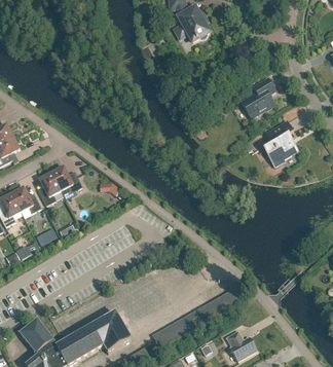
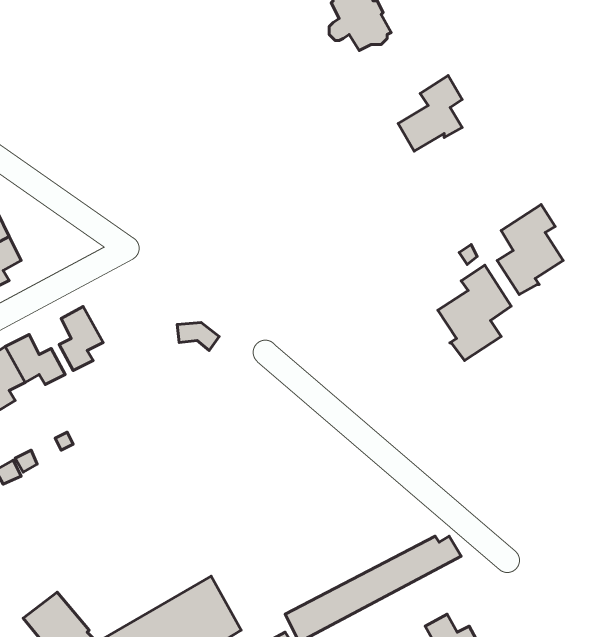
building: [242,77,274,116] -> [398,75,462,151]
building: none -> [438,265,511,360]
building: [50,166,82,191] -> none

